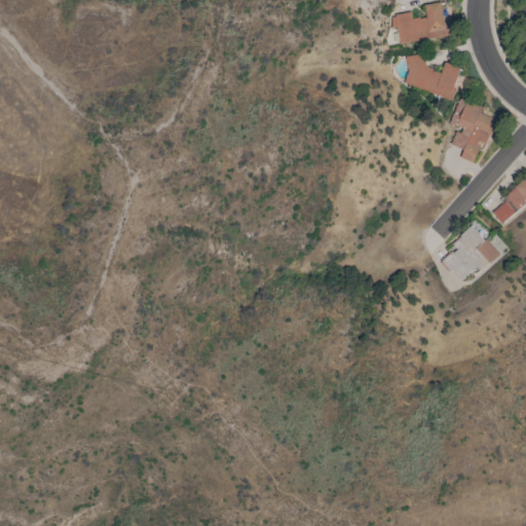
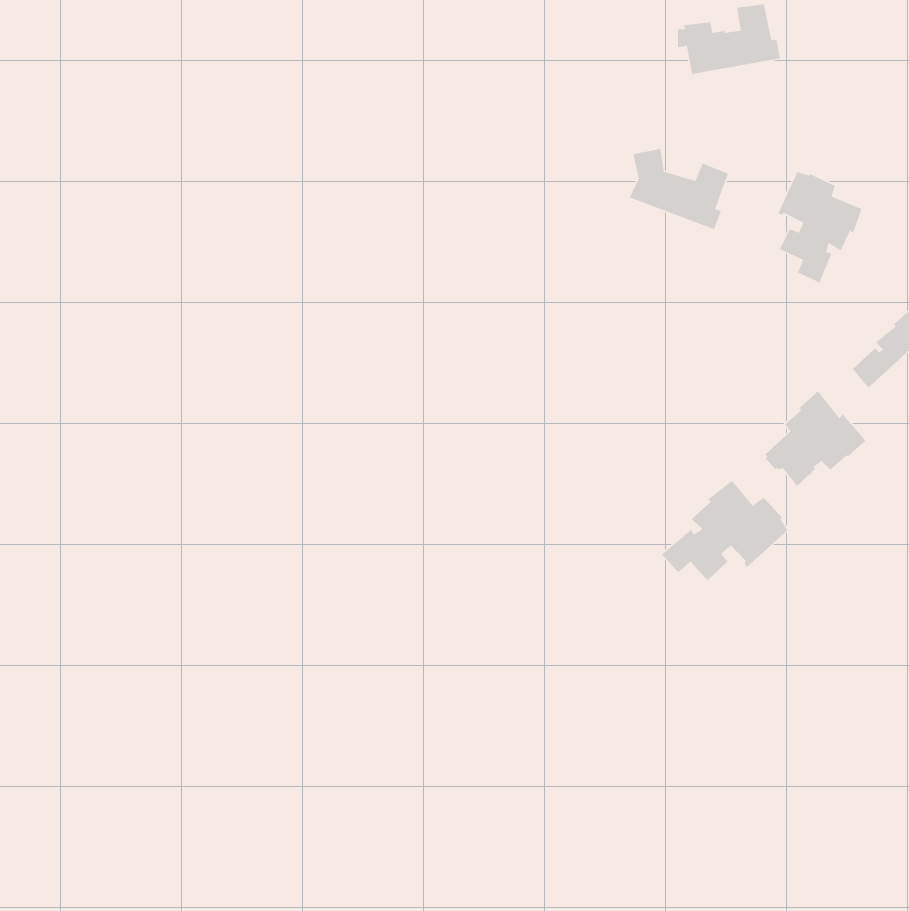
building: [404,53,461,101] -> [629,148,729,230]
building: none -> [661,480,788,581]

